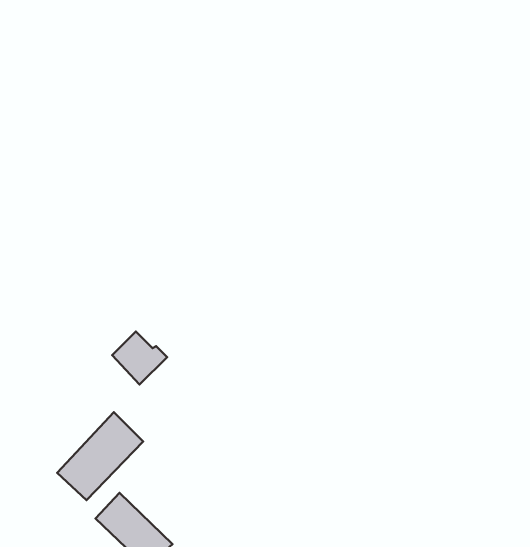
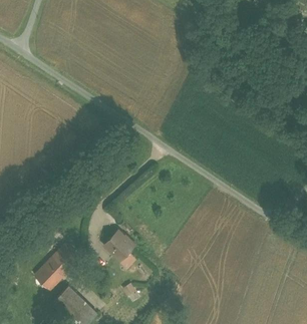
building: [112,332,167,385] -> [105,231,135,260]

